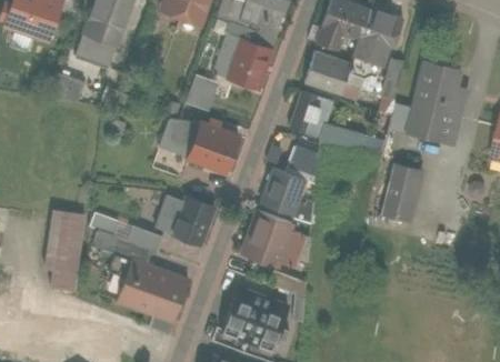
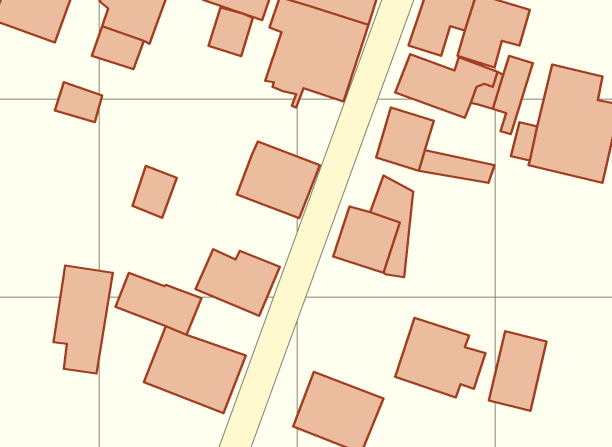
building: [186,72,219,109] -> [209,8,253,56]
building: [162,119,196,158] -> [132,166,177,218]
building: [379,162,422,222] -> [489,331,547,411]
building: [242,211,310,271] -> [395,318,486,398]

